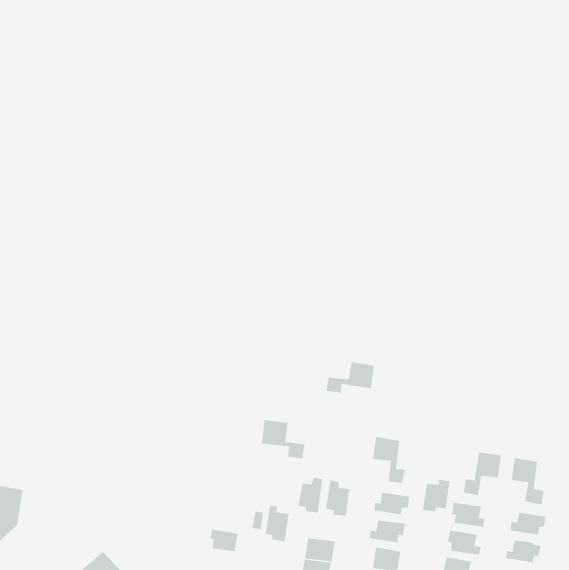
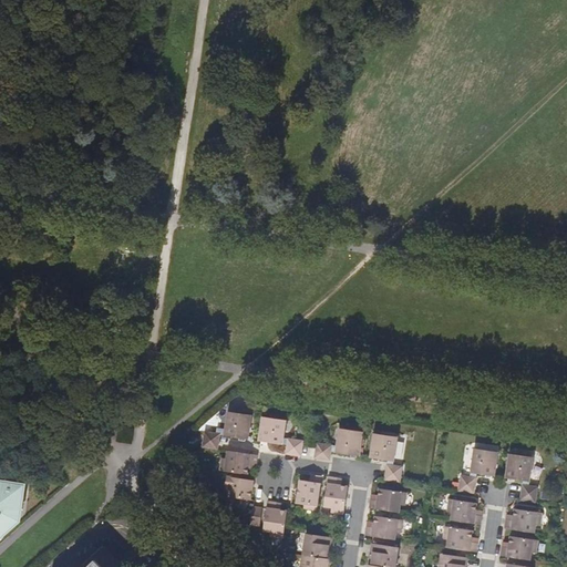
building: [326,361,375,394] -> [313,427,362,460]
building: none -> [200,412,250,449]
building: none -> [218,450,256,474]
building: [422,479,450,512] -> none
building: [209,529,239,552] -> [224,476,252,499]

